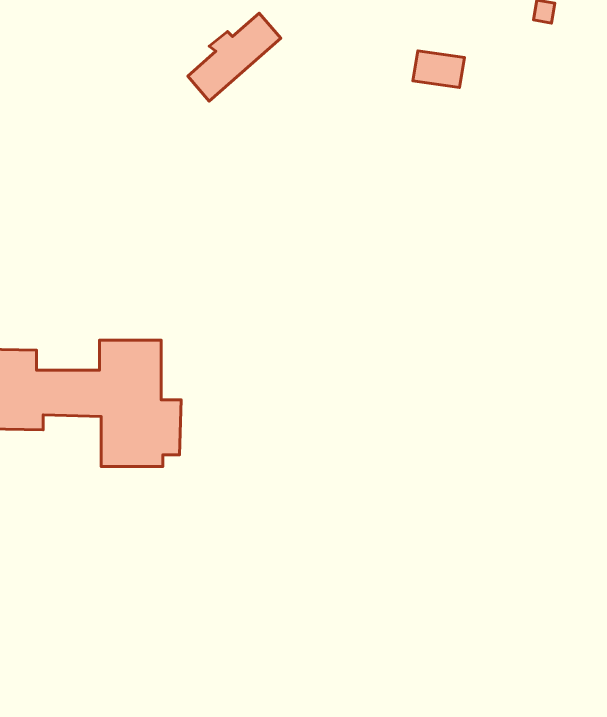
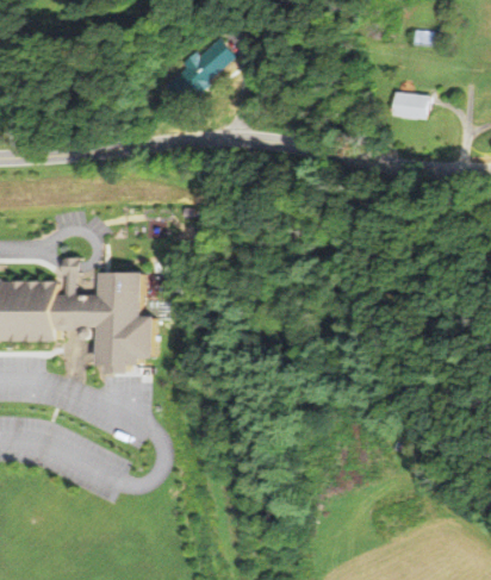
building: [413,51,464,87] -> [390,92,427,118]

